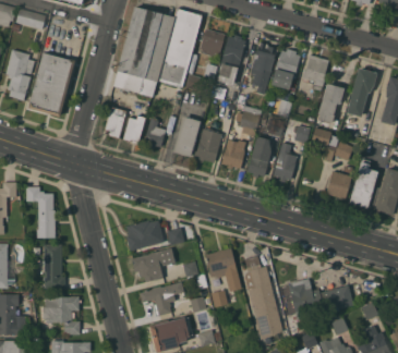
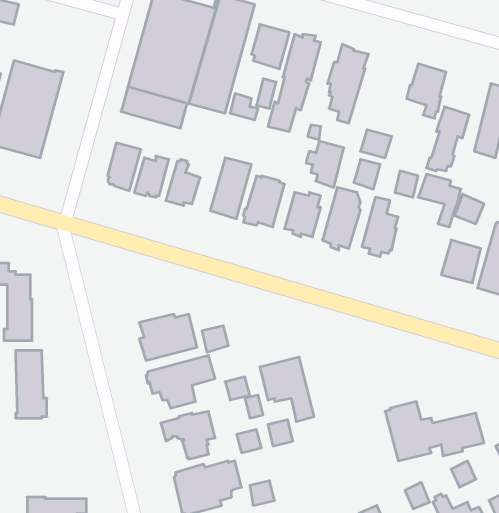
building: [274,50,300,94] -> none
building: [244,255,282,339] -> none
building: [43,296,81,334] -> none

